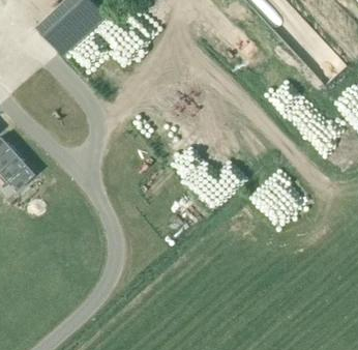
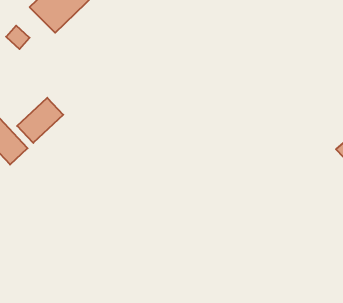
building: none -> [17,98,63,143]

